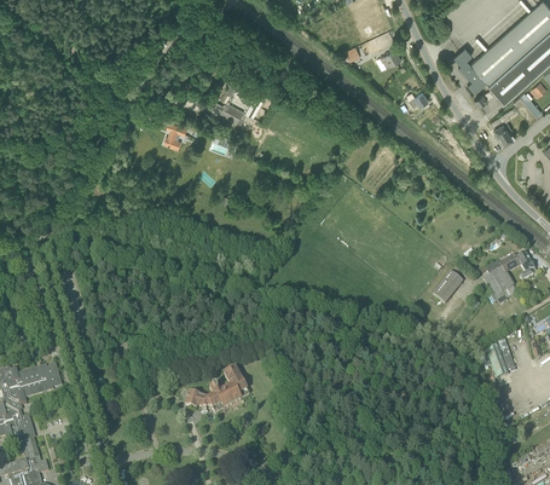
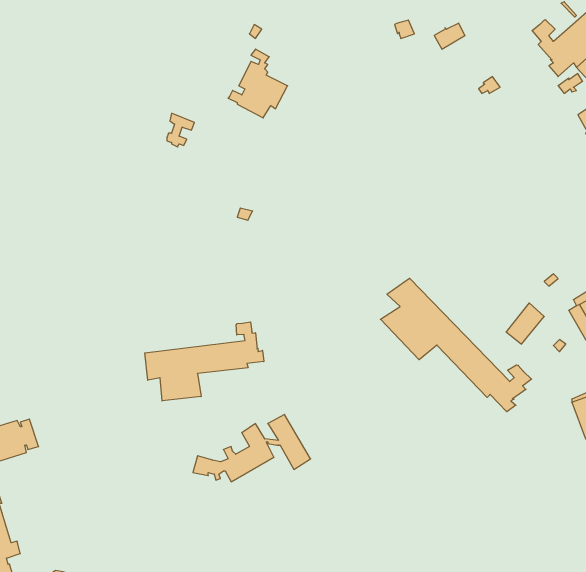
building: none -> [380,278,532,412]
building: none -> [145,322,264,401]

